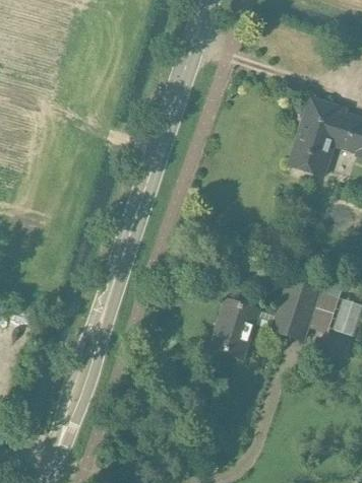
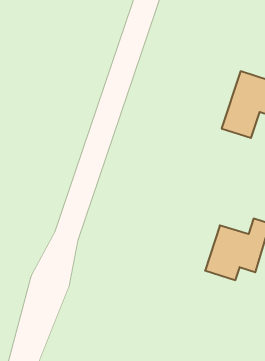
building: [210,299,257,356] -> none

